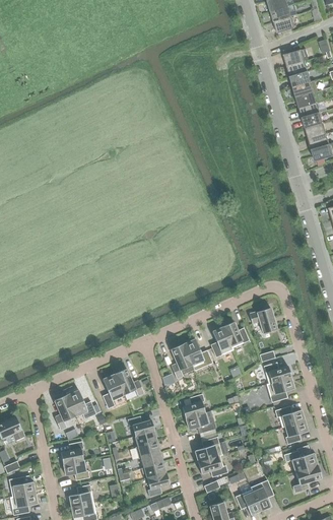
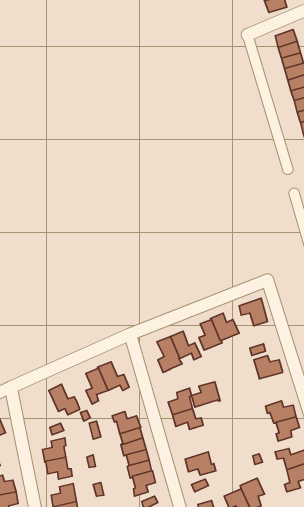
building: [266,378,293,402] -> none
building: [54,394,75,430] -> none
building: [194,437,221,461] -> [192,382,220,407]

